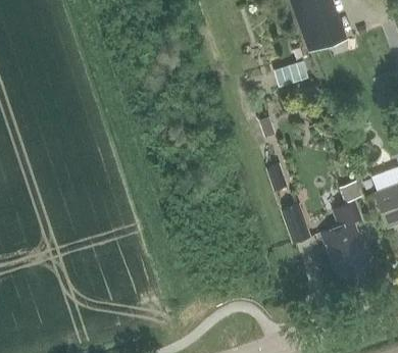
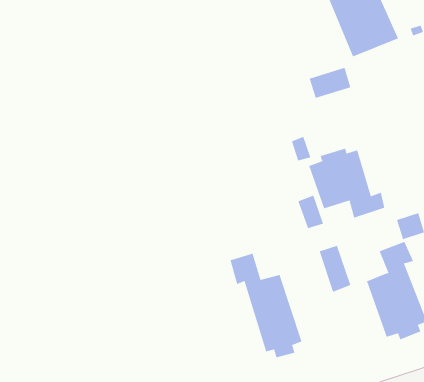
building: none -> [309,148,385,219]
building: none -> [230,253,302,358]

